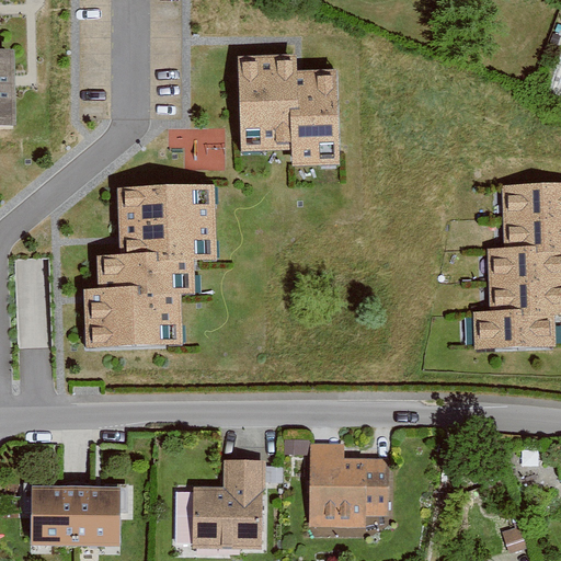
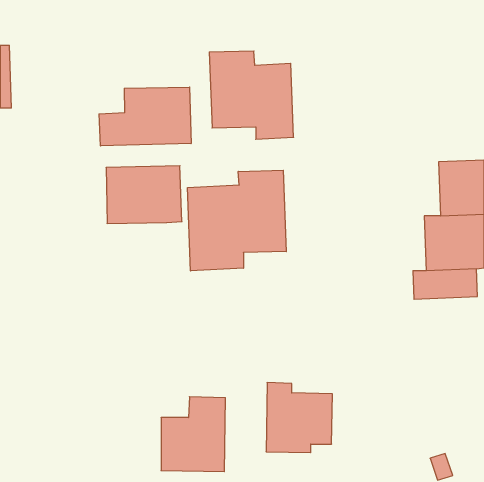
building: none -> [99,87,191,146]
building: none -> [188,170,286,271]
building: [87,257,194,346] -> none
building: [24,483,112,543] -> none

